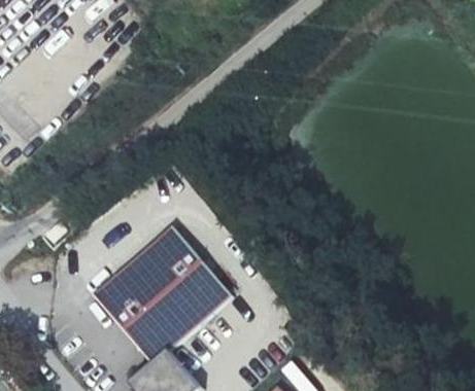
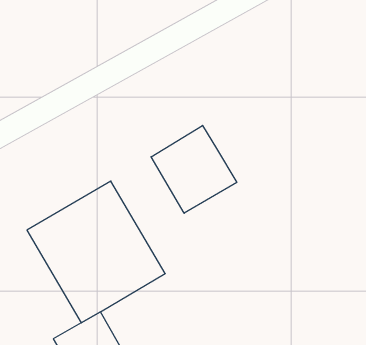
building: none -> [151,125,237,213]

